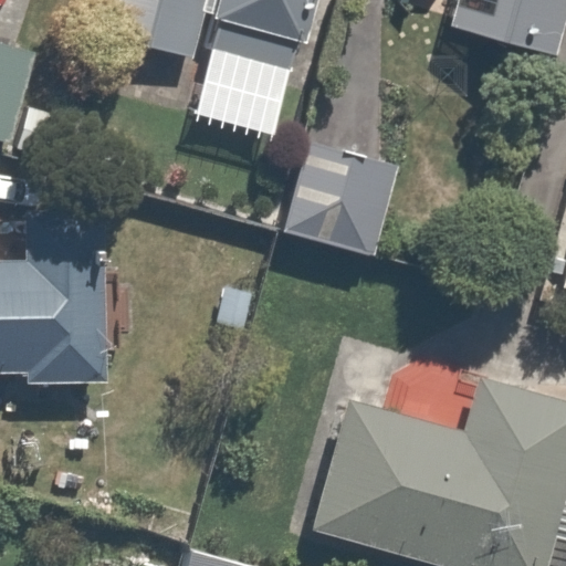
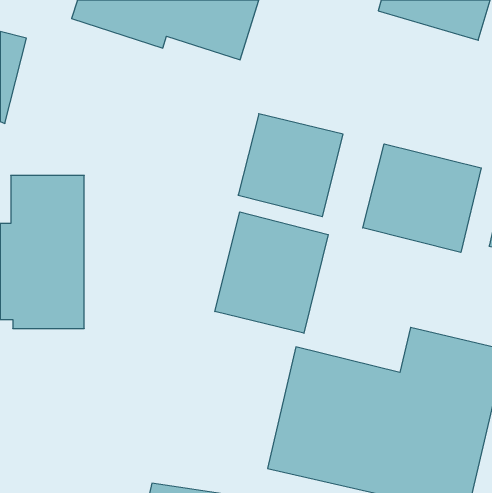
building: none -> [363,144,481,252]
building: none -> [215,212,328,333]

